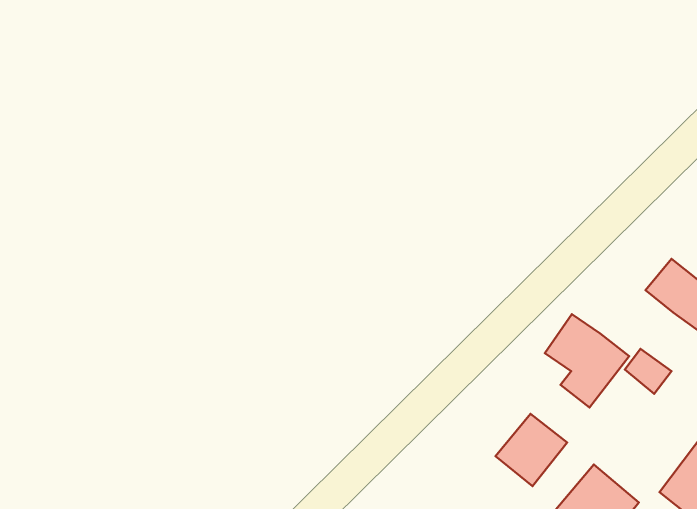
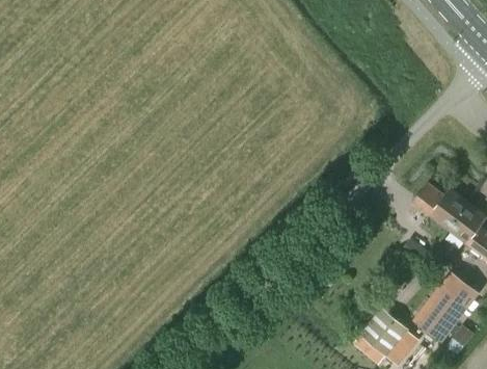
building: [545,314,629,407] -> none
building: [496,414,567,486] -> none

